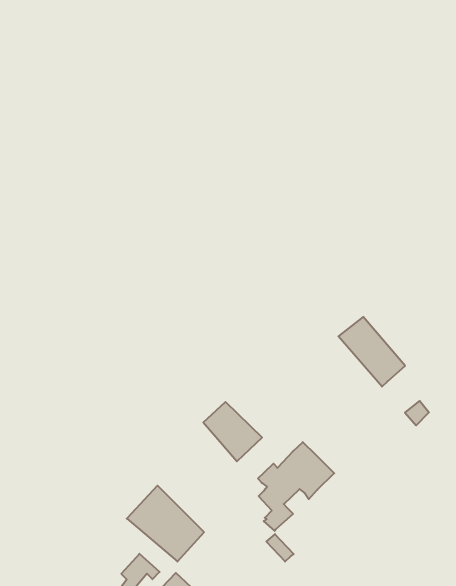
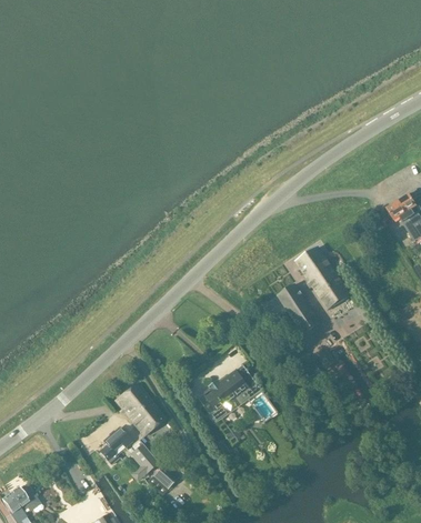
building: none -> [294,245,349,309]
building: [203,402,262,461] -> none

